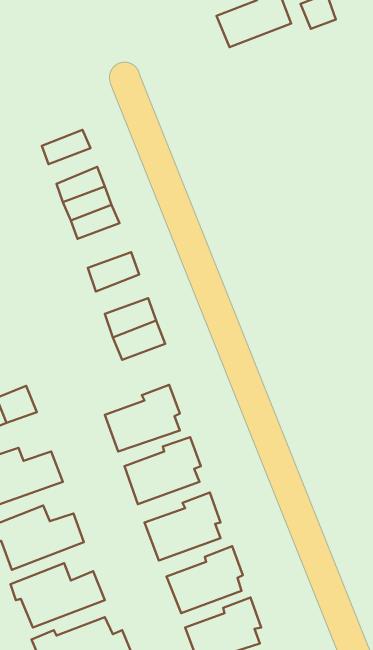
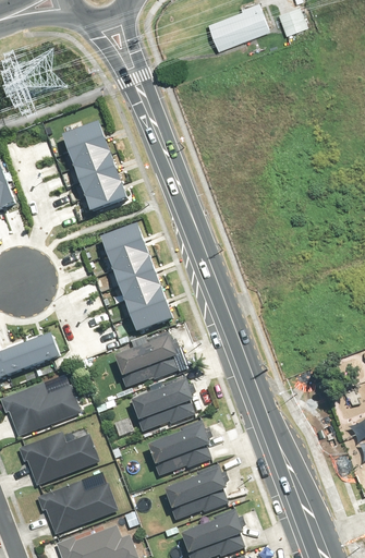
building: none -> [68,135,108,165]
building: none -> [107,240,150,272]
building: none -> [129,298,172,330]

